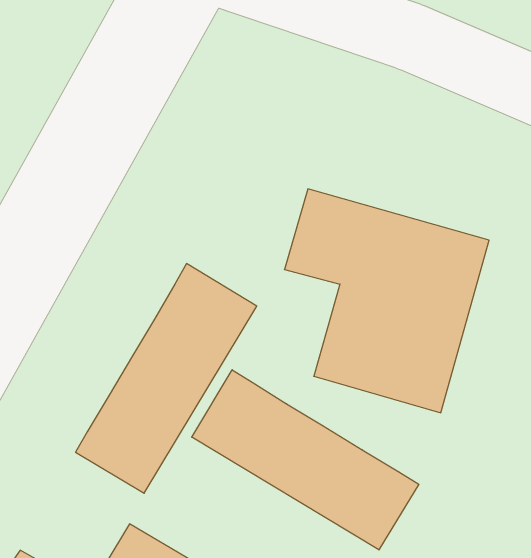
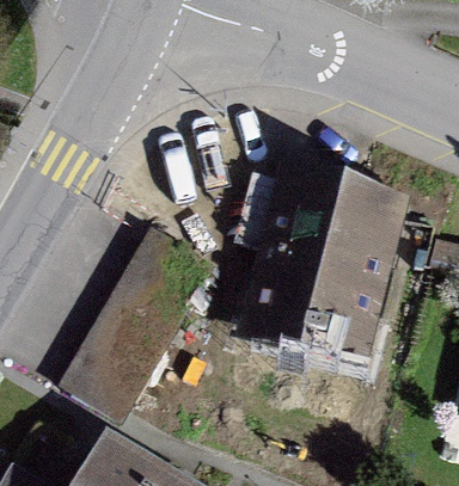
building: [192,370,419,550] -> none

